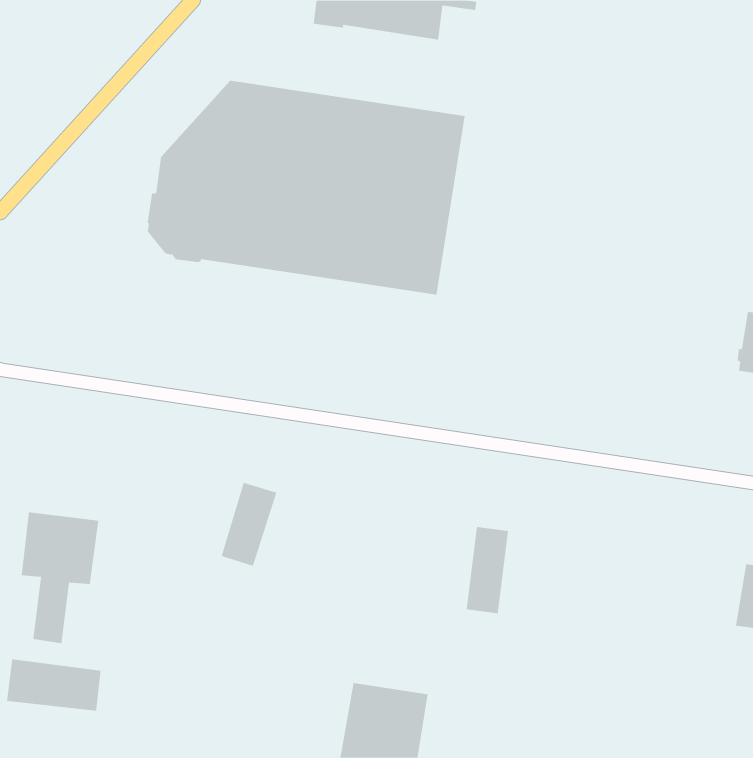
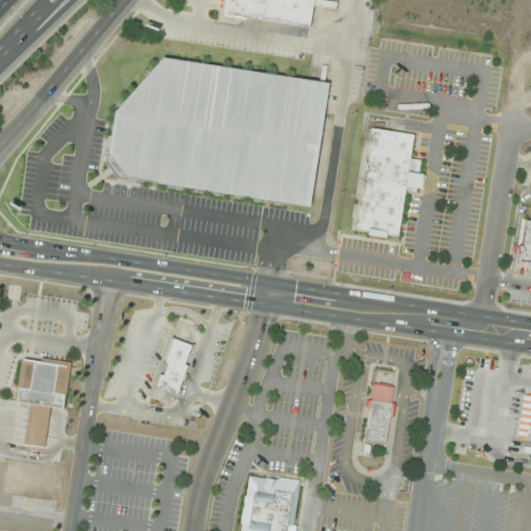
building: none -> [354,125,424,237]
building: [466,526,509,614] -> [367,384,397,445]
building: [6,659,101,711] -> none

